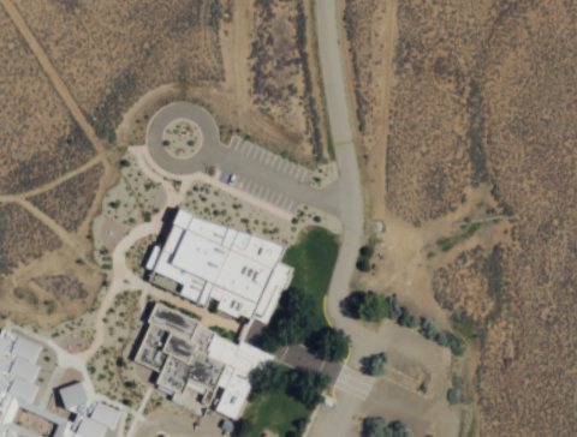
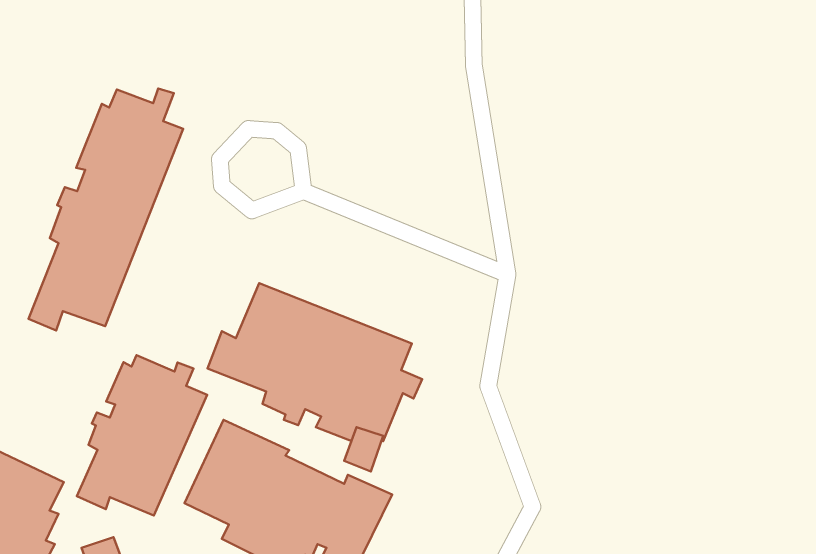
building: none -> [28,89,183,330]
building: none -> [77,355,207,515]

